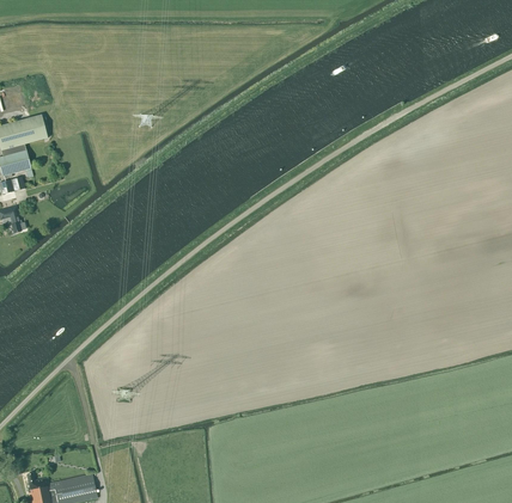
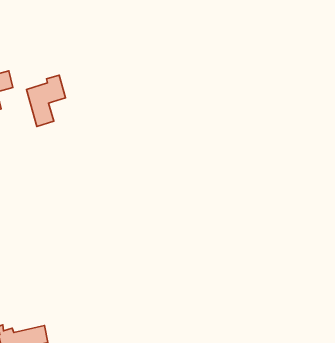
building: none -> [26,75,65,126]

